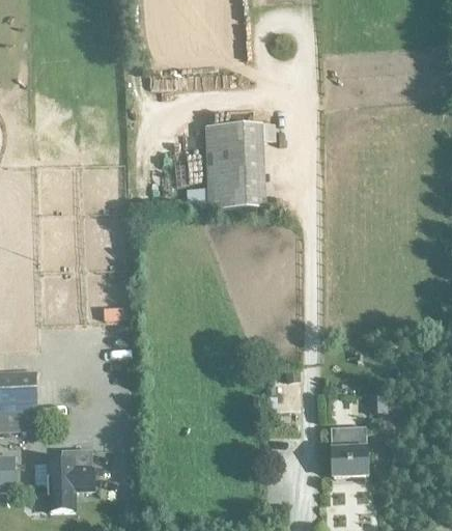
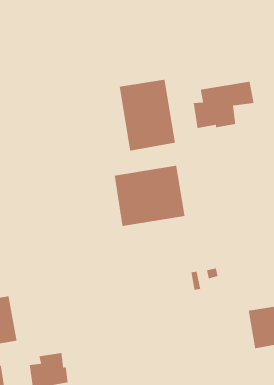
building: none -> [193,81,254,129]
building: none -> [114,165,186,227]

